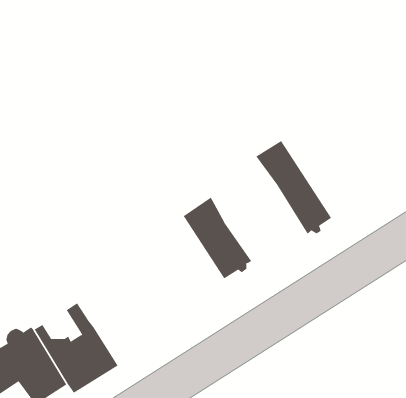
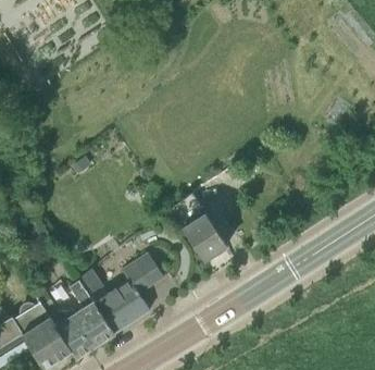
building: [255,140,332,235] -> none
building: none -> [93,254,165,335]

